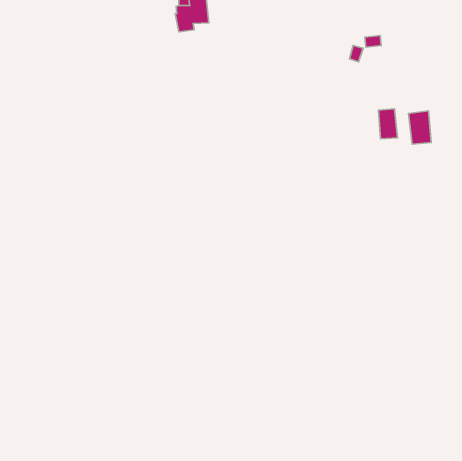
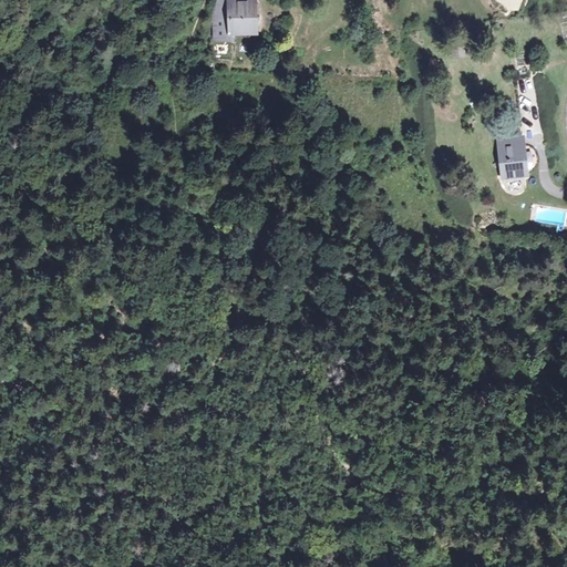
building: [379,109,398,139] -> none

